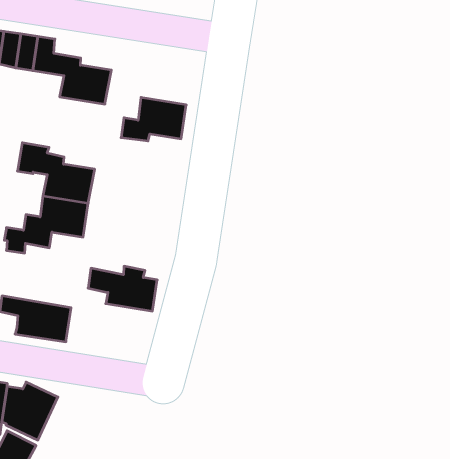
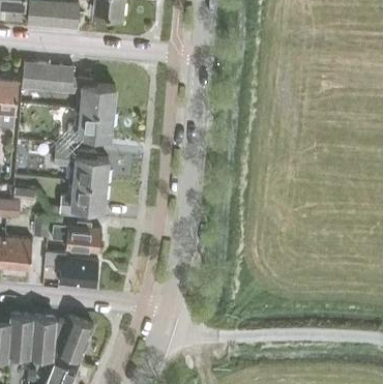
building: [121,97,186,141] -> [67,110,113,141]
building: [88,266,157,311] -> [52,223,101,254]

